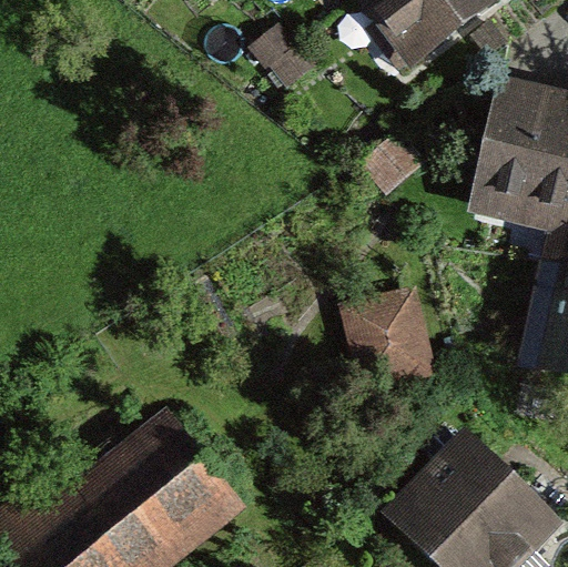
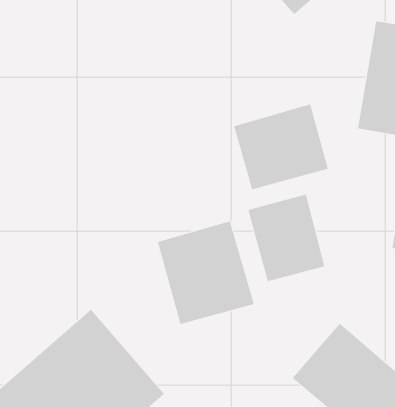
building: none -> [233,103,328,190]
building: none -> [157,221,255,325]

